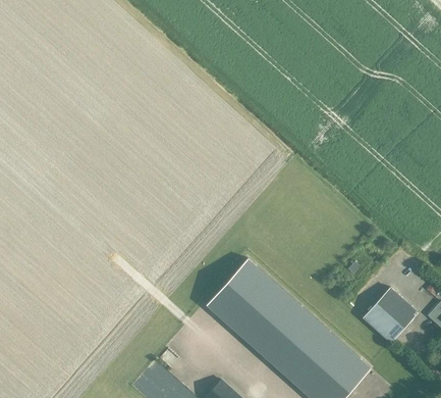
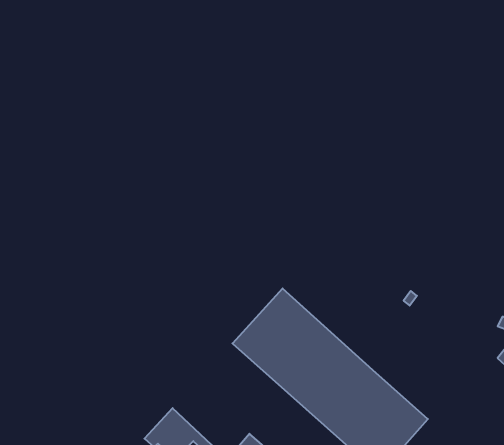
building: [364,289,419,344] -> none

